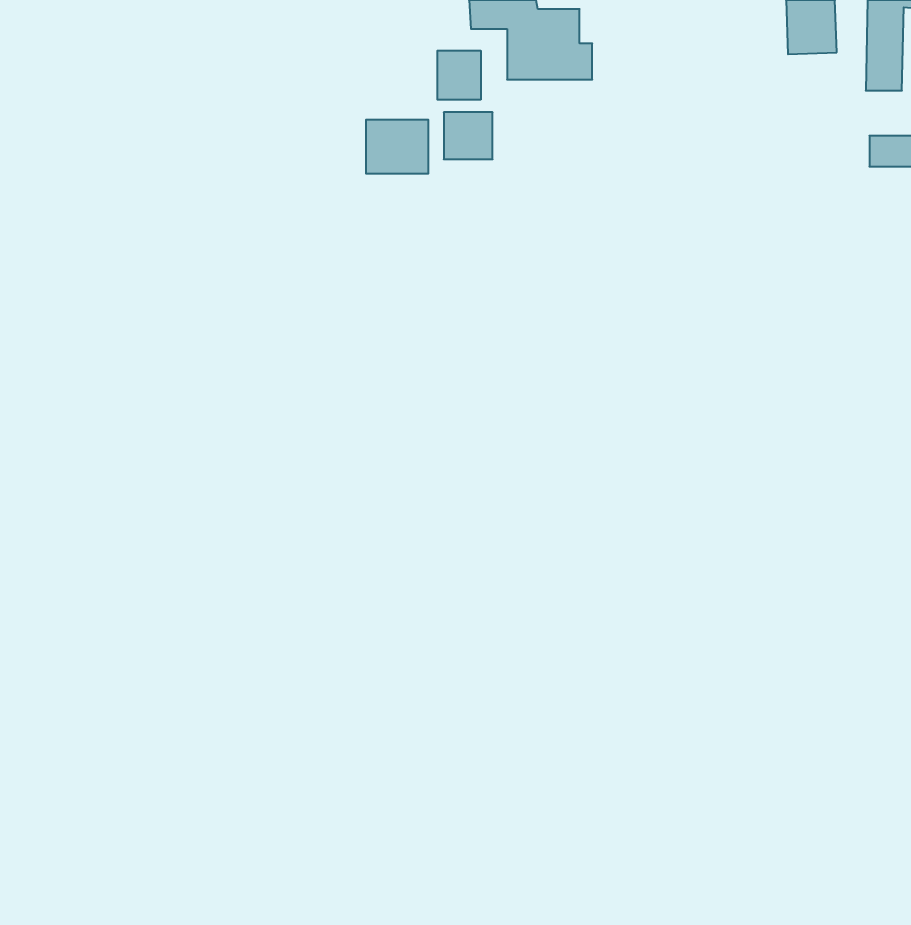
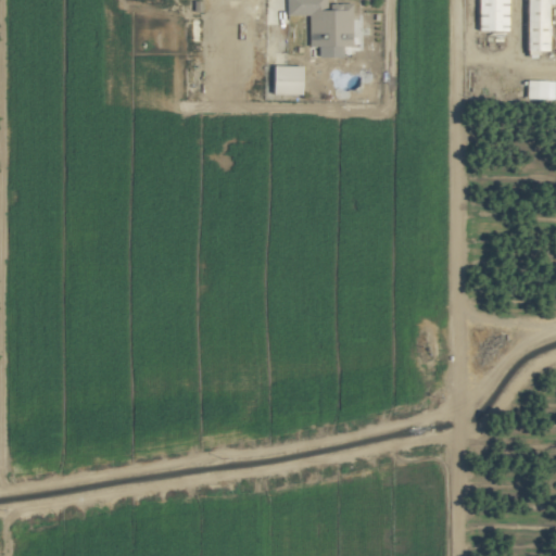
building: [437,51,481,100] -> none
building: [366,120,428,174] -> none

